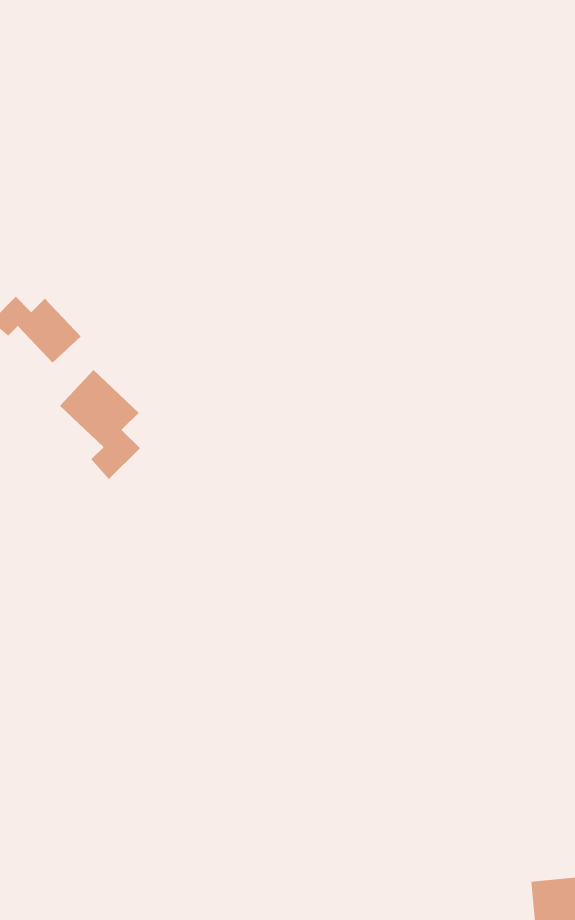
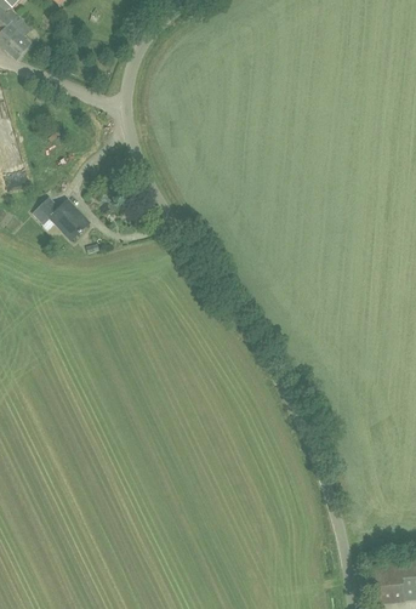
building: [59,369,141,480] -> none

